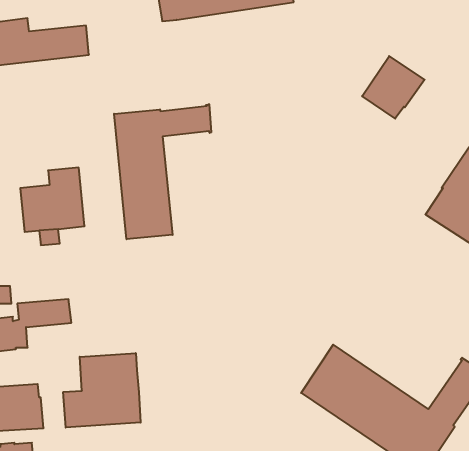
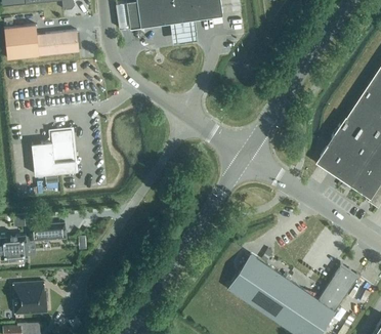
building: [362,56,425,119] -> none
building: [114,104,211,239] -> none
building: [63,353,141,428] -> none

